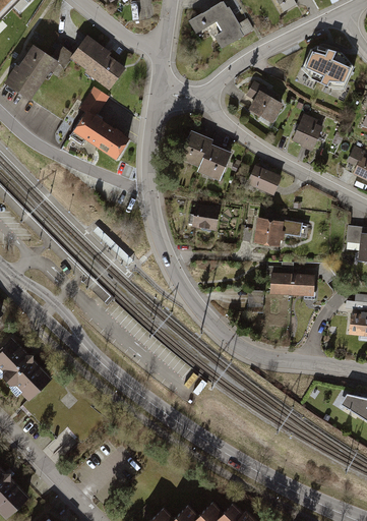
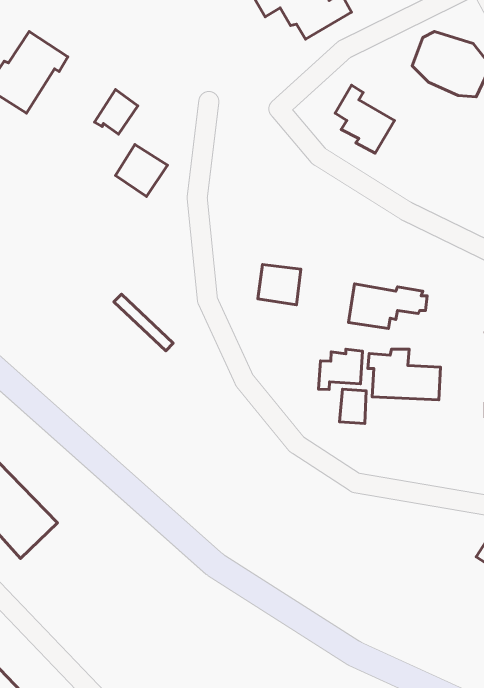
building: [68,35,124,90] -> none
building: [70,107,106,142] -> none
building: [292,113,323,151] -> none
building: [178,130,232,182] -> none
building: [246,164,283,196] -> none
building: none -> [319,349,362,389]

